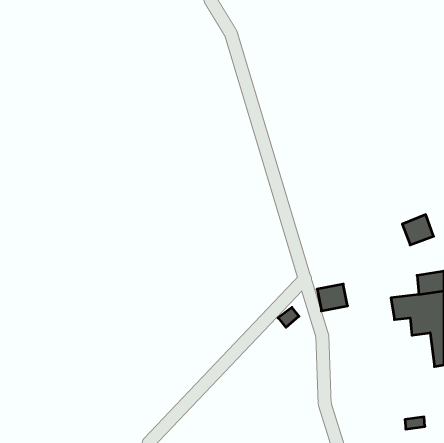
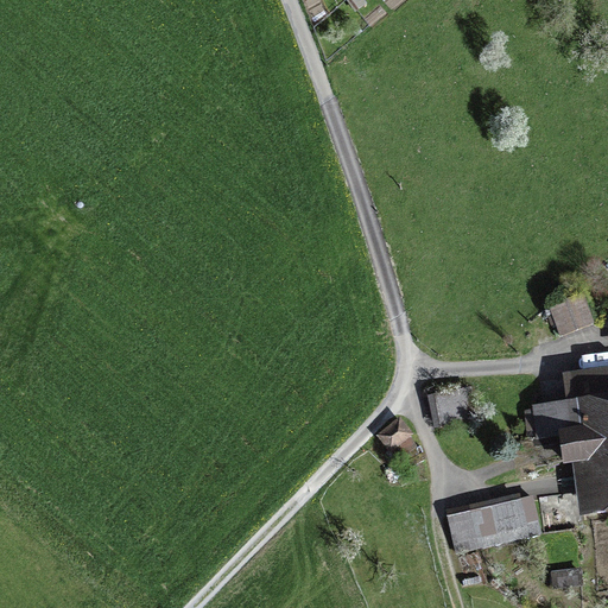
building: none -> [448,496,539,551]

